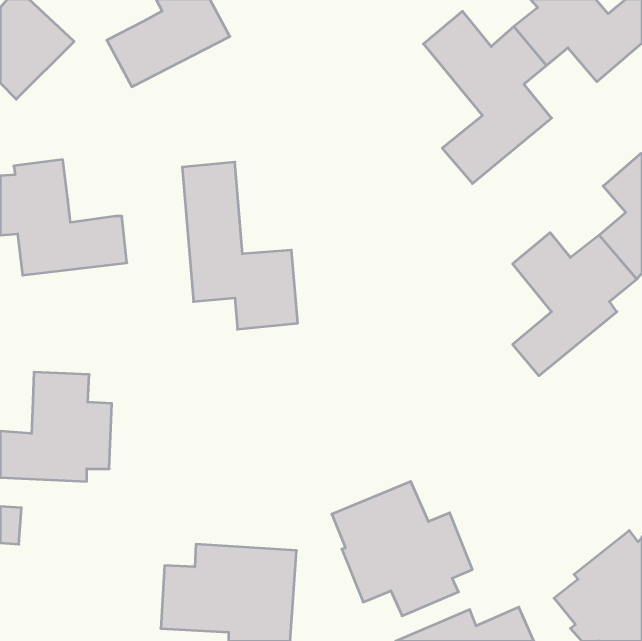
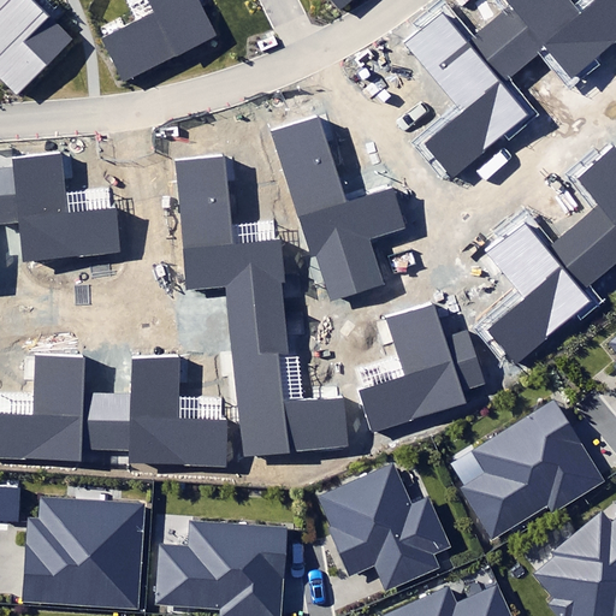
building: none -> [273,119,405,304]
building: none -> [357,304,485,433]
building: none -> [227,309,350,457]
building: none -> [105,351,226,464]
building: none -> [457,401,603,539]
building: none -> [24,497,144,608]

